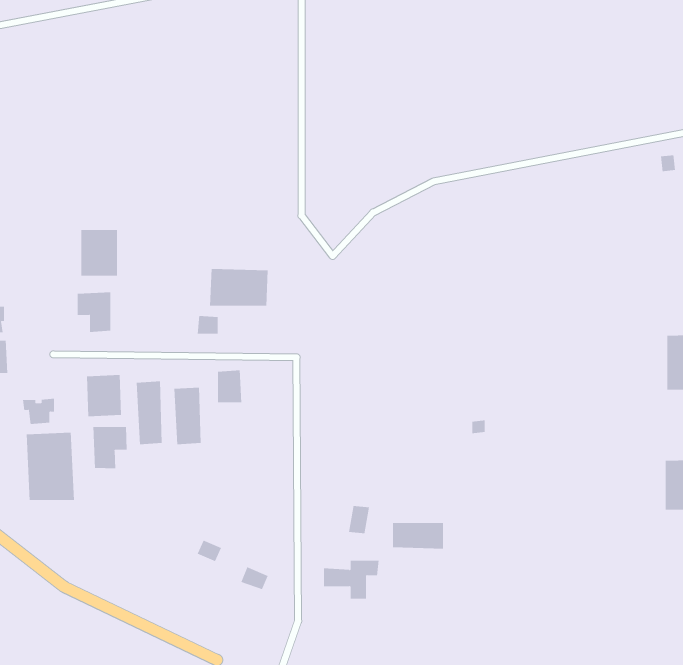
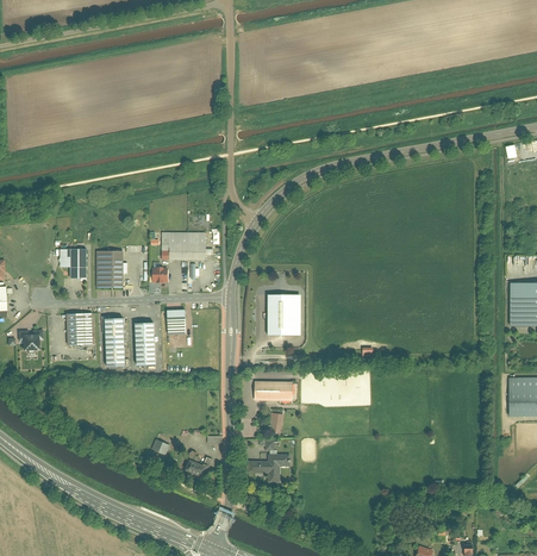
building: [80,230,118,276] -> [95,252,124,288]
building: none -> [268,294,300,335]
building: [93,426,127,469] -> none
building: [26,432,75,501] -> none
building: [392,523,444,549] -> [252,380,292,400]

